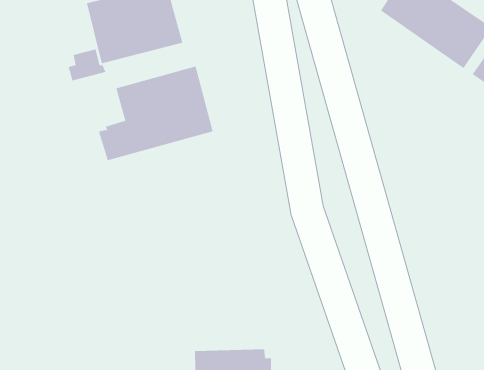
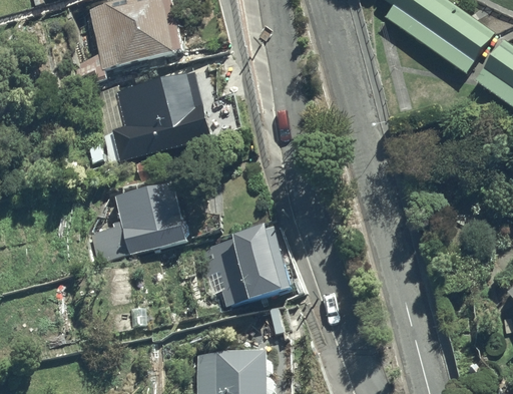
building: none -> [93,177,191,262]
building: none -> [192,221,290,307]

